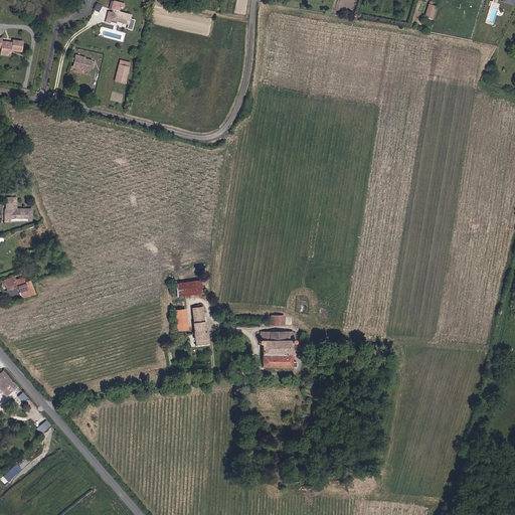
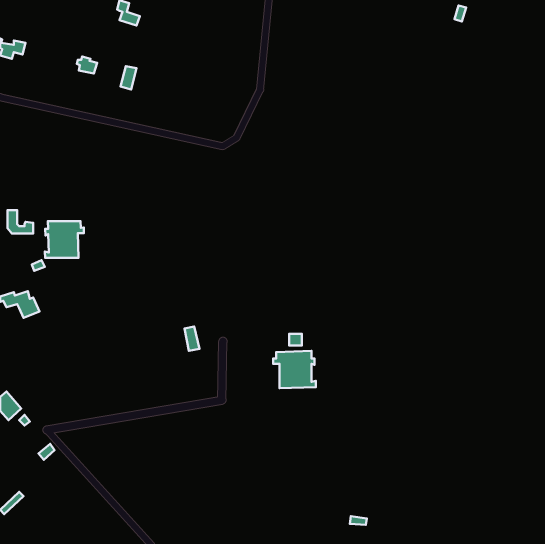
building: none -> [45,221,84,258]
building: [173,279,202,297] -> none
building: [190,309,211,347] -> none

